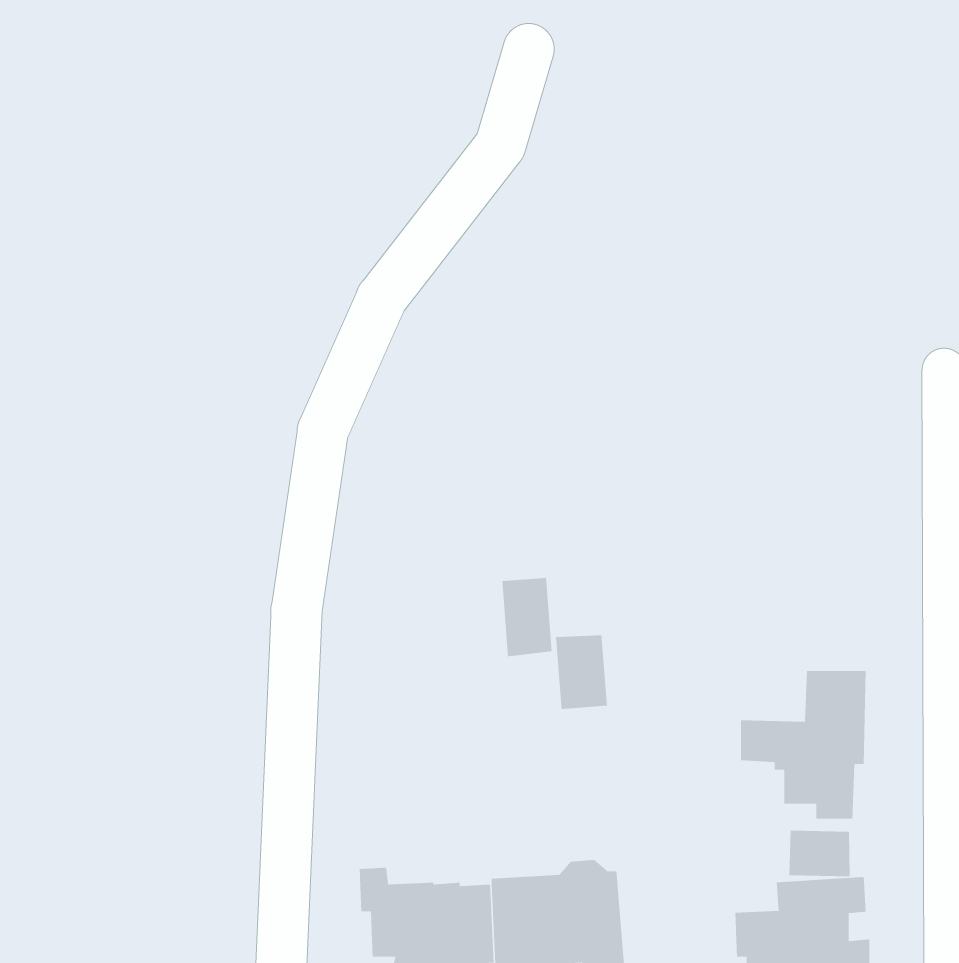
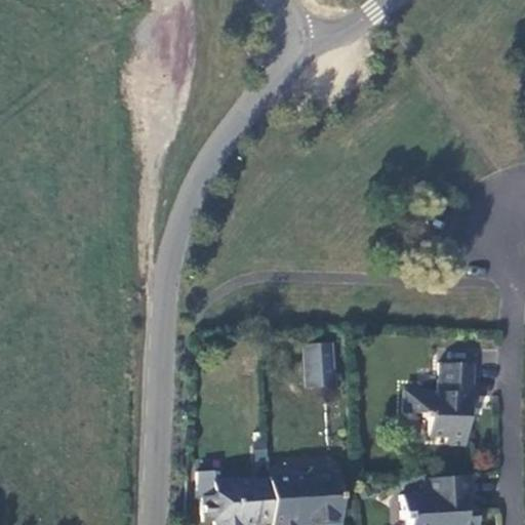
building: [501,577,552,657] -> none
building: [789,830,850,877] -> none

